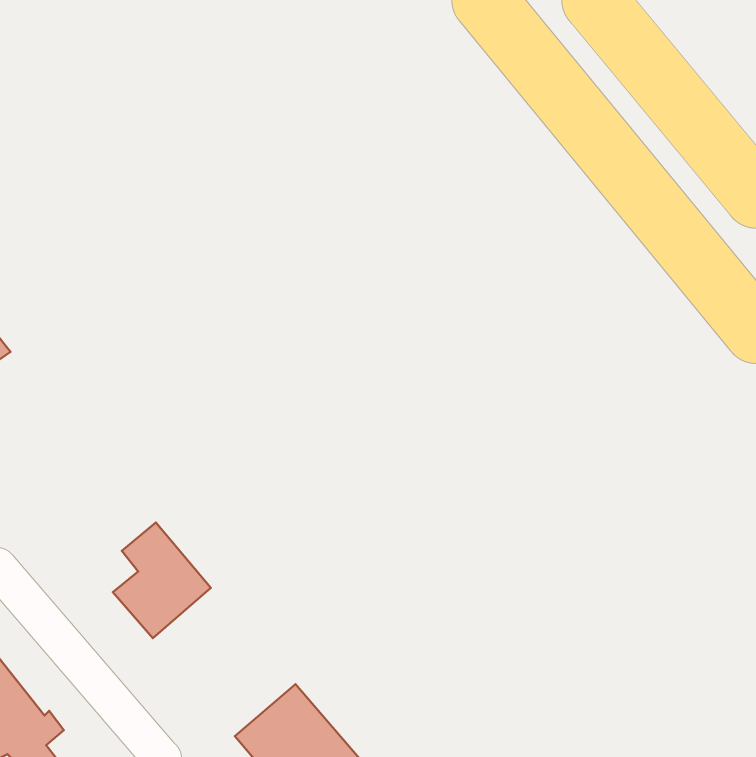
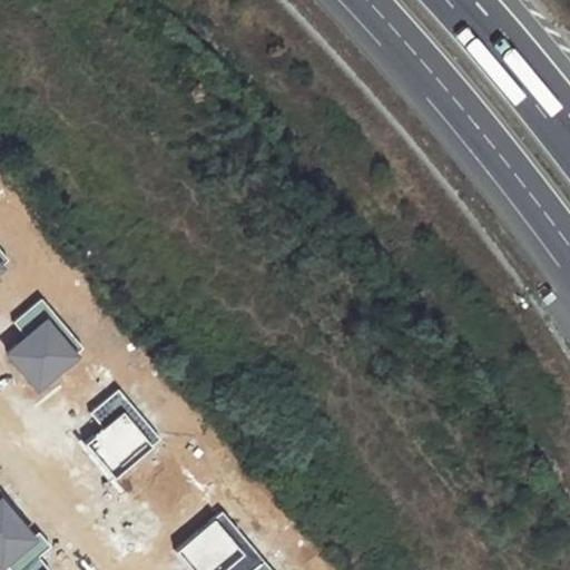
building: none -> [8,303,81,389]

